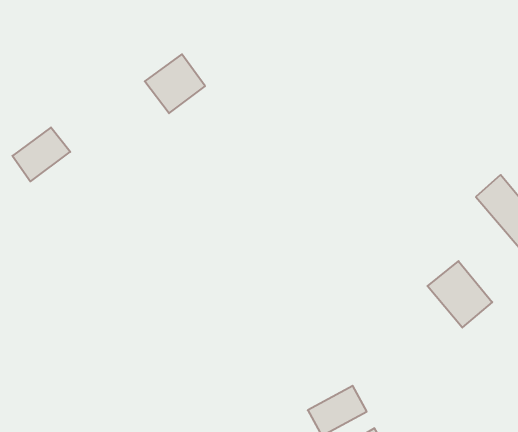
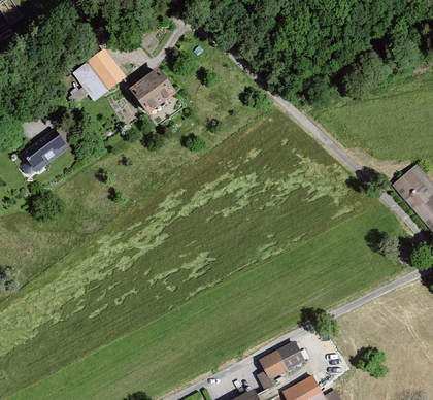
building: none -> [74,53,126,103]
building: [427,261,492,328] -> none

